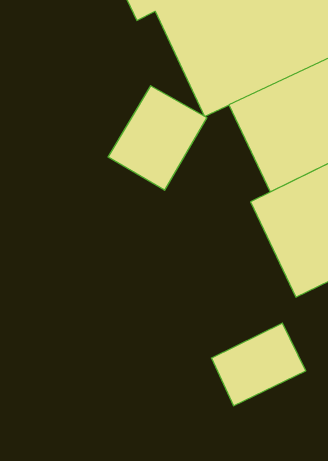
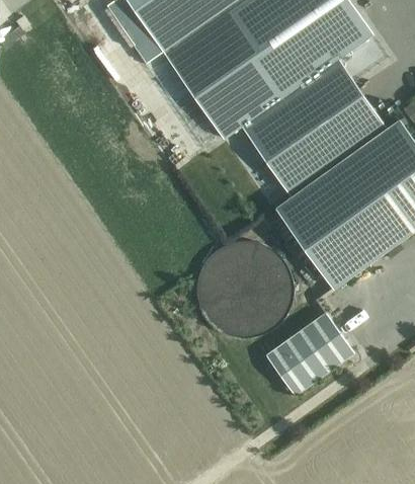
building: [108,86,207,190] -> none
building: none -> [196,241,293,337]

